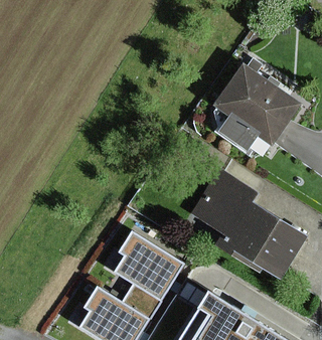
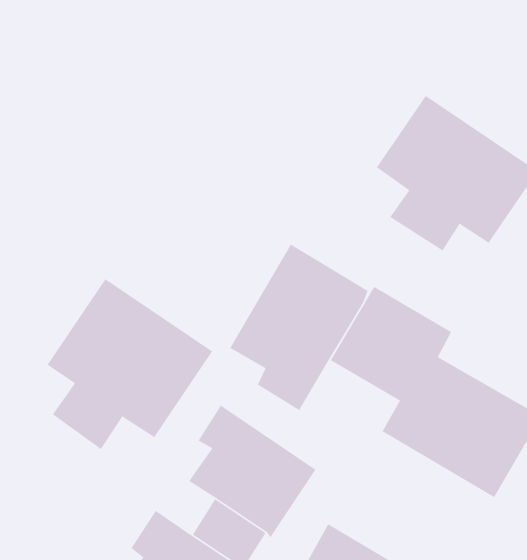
building: none -> [229,244,369,411]
building: none -> [47,278,213,450]

